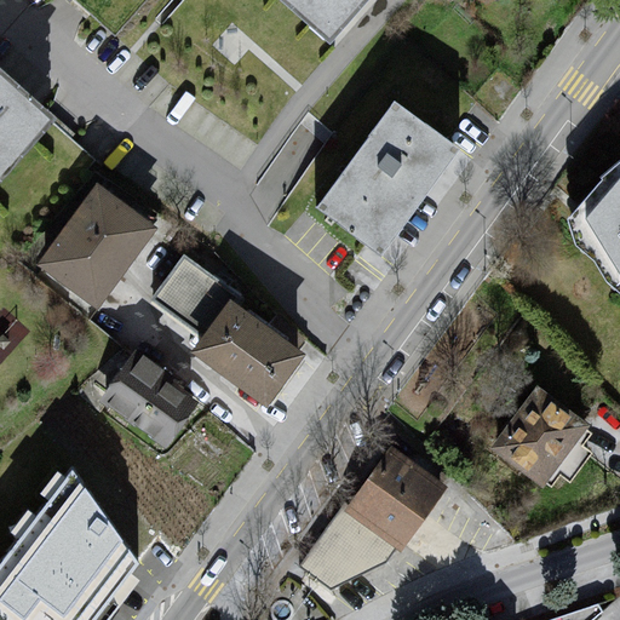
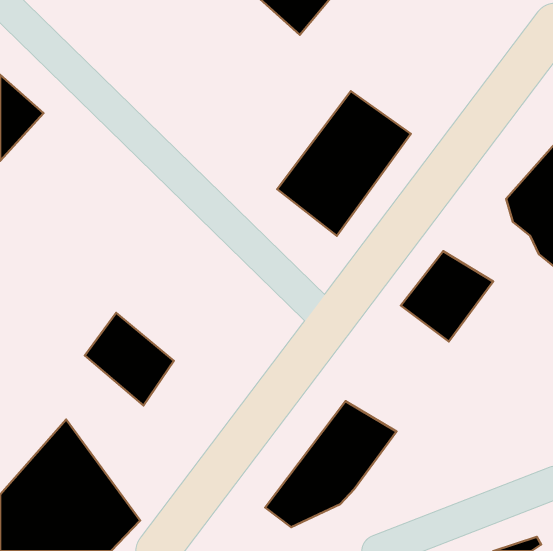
building: [35,184,154,311] -> none
building: [153,252,300,409] -> none
building: [488,388,591,488] -> [401,251,493,341]

